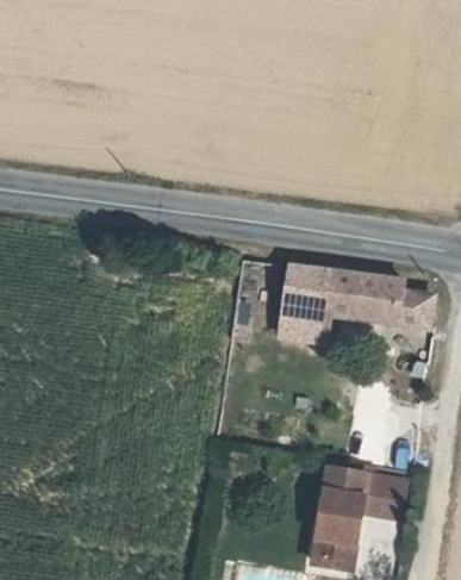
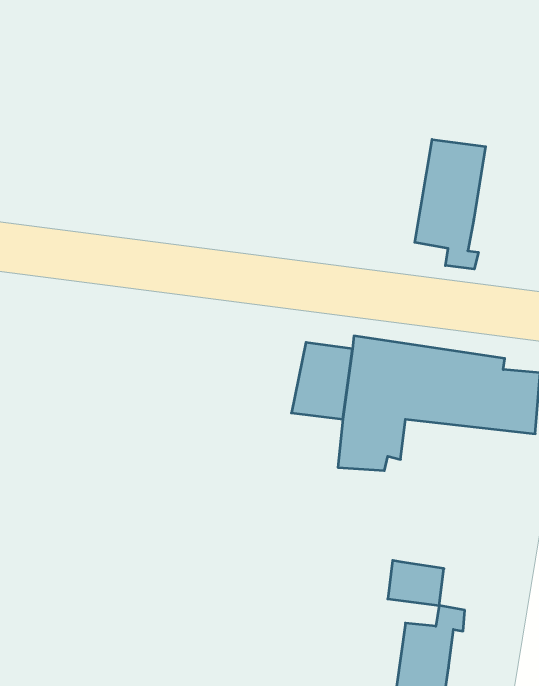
building: none -> [415,139,486,269]
building: [359,478,400,511] -> [388,560,444,605]

